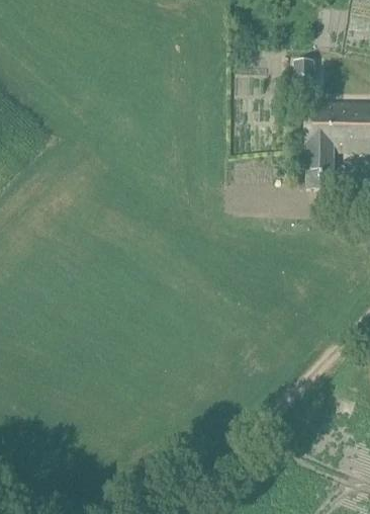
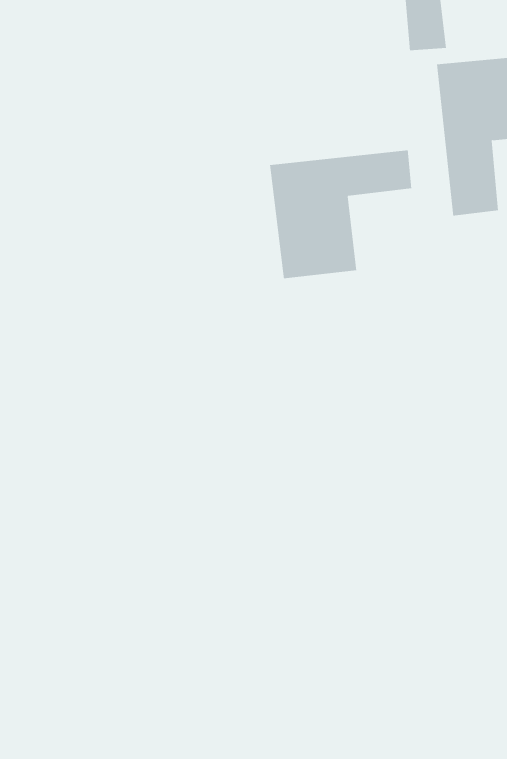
building: none -> [269,150,412,279]

